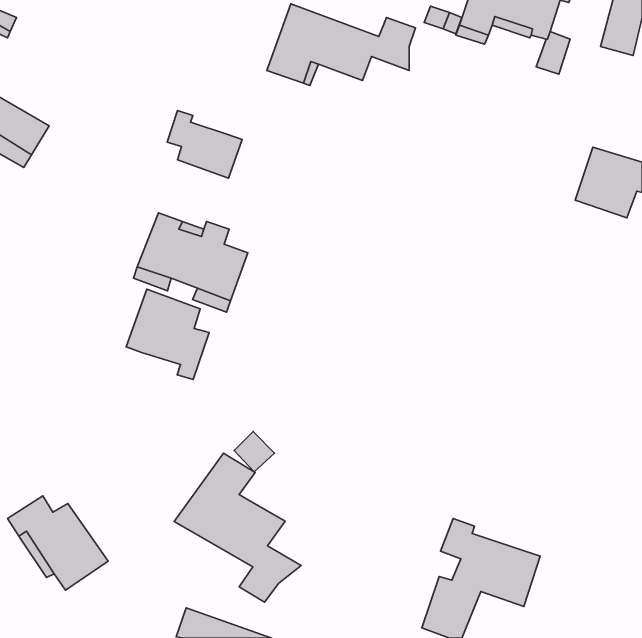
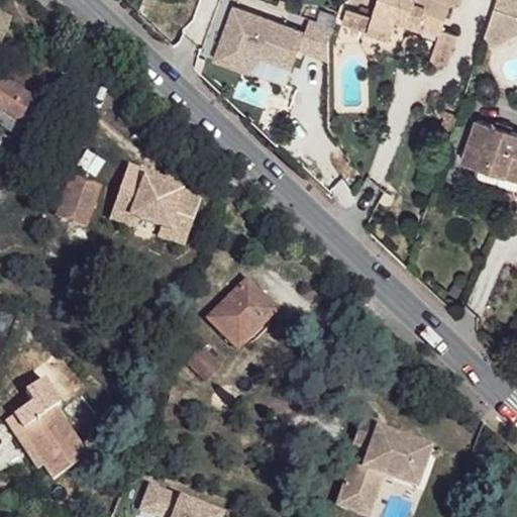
building: [167,110,242,178] -> none
building: none -> [56,176,99,224]
building: [126,289,209,380] -> none
building: none -> [208,278,276,348]
building: [174,453,301,602] -> none

